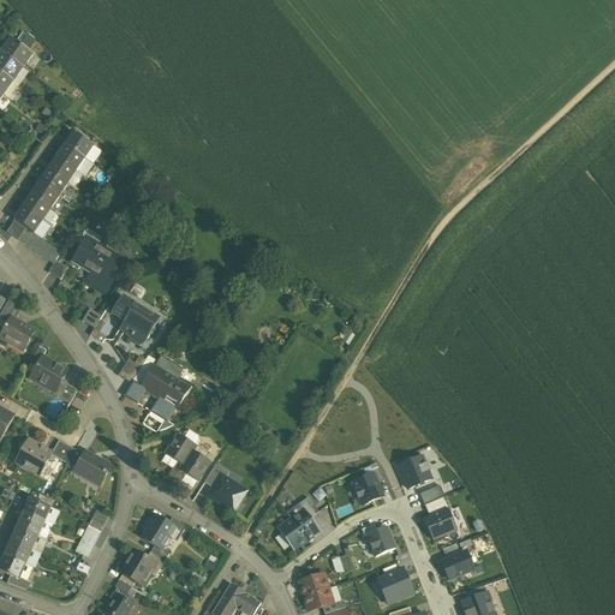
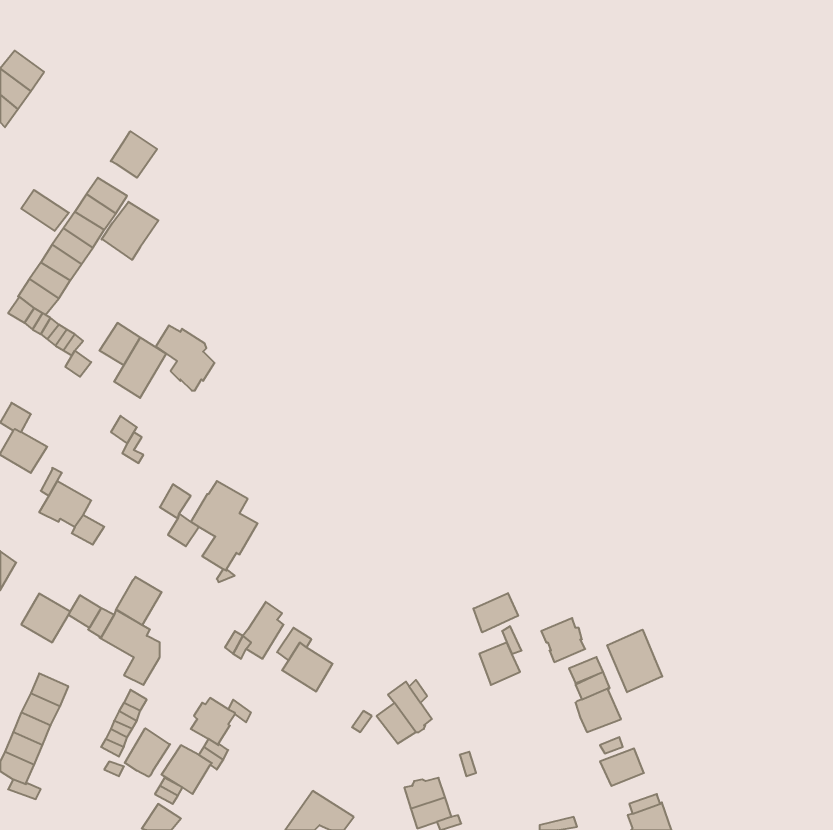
building: none -> [111,131,157,178]
building: none -> [21,190,69,231]
building: none -> [102,202,158,260]
building: [112,295,155,344] -> [156,325,215,391]
building: none -> [116,577,162,625]
building: [165,432,198,464] -> none
building: none -> [473,593,518,632]
building: none -> [607,630,662,692]
building: [366,525,395,556] -> none
building: none -> [125,728,170,777]
building: [377,568,413,603] -> none

